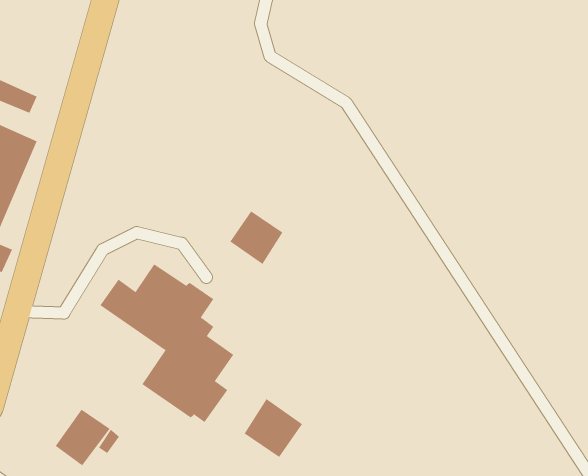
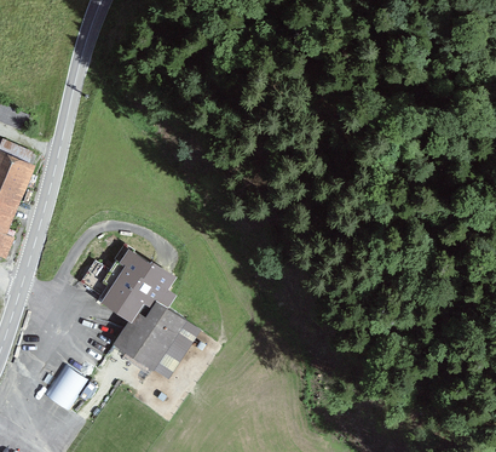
building: [230,211,283,265] -> none
building: [244,398,303,458] -> none

